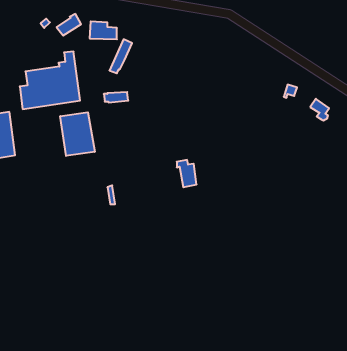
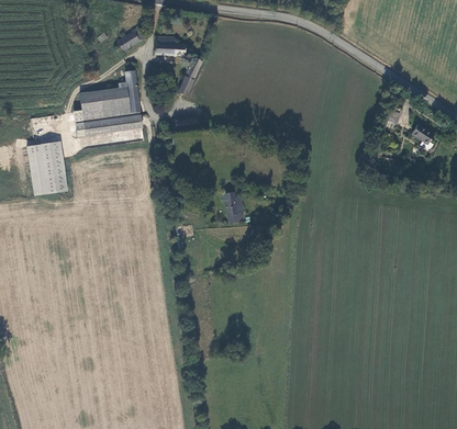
building: [60,112,95,156] -> none
building: [177,160,197,187] -> [220,192,243,224]

